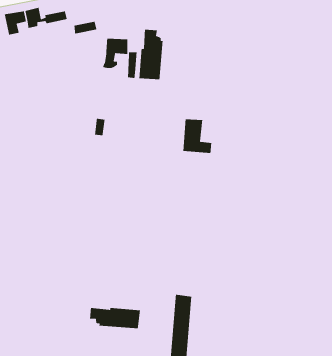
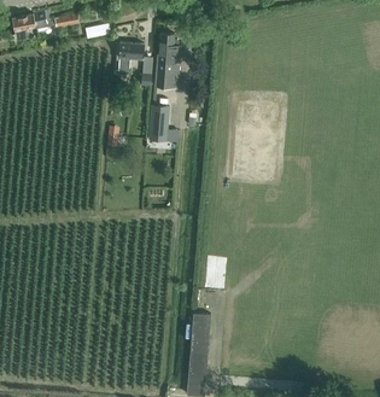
building: [183,118,212,154] -> [148,105,180,142]
building: [89,307,141,329] -> none

